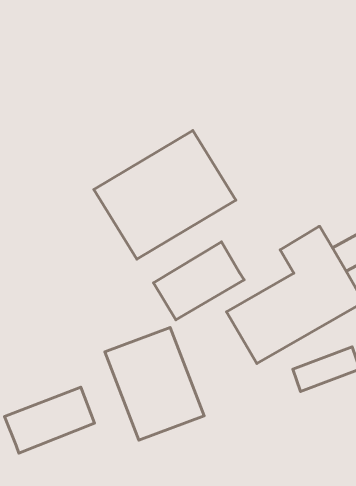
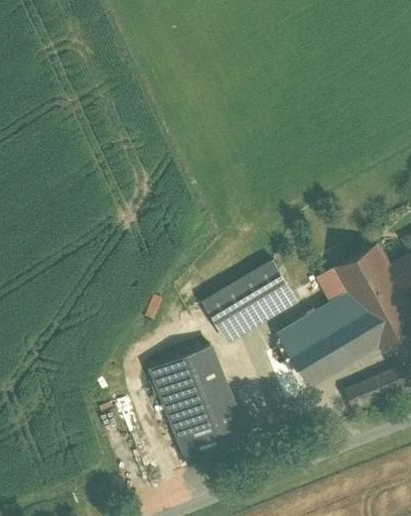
building: [94,130,236,259] -> none
building: [4,387,95,453] -> none

